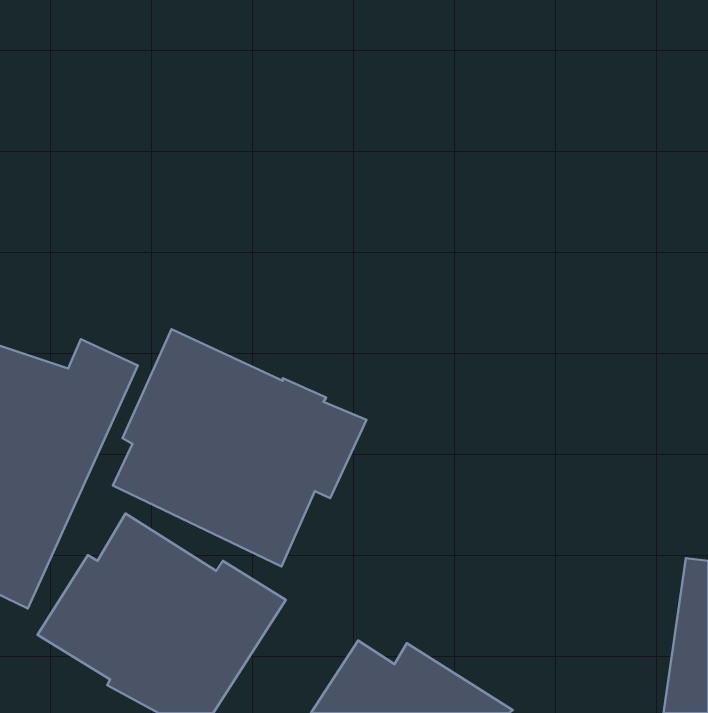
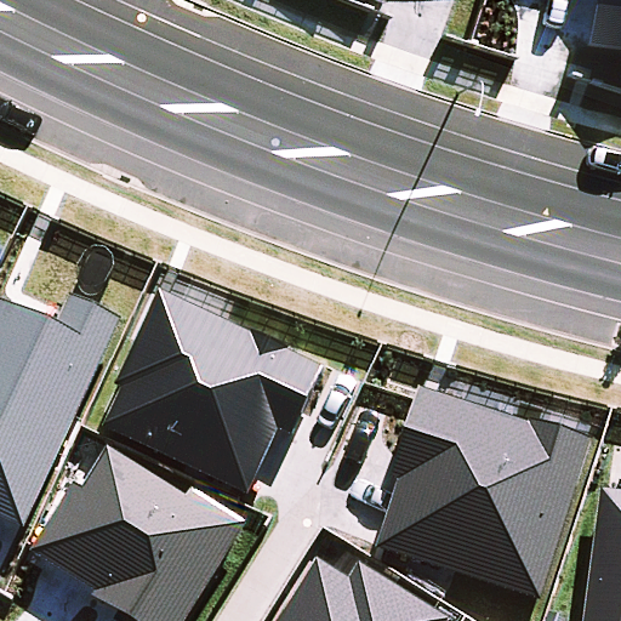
building: none -> [375,386,594,598]

